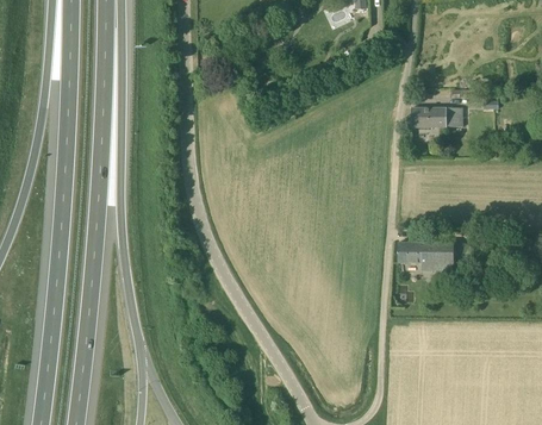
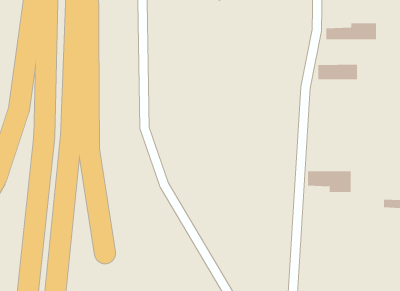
building: none -> [326,22,377,40]

